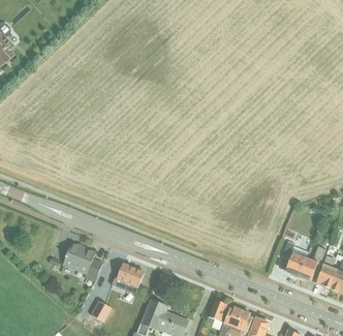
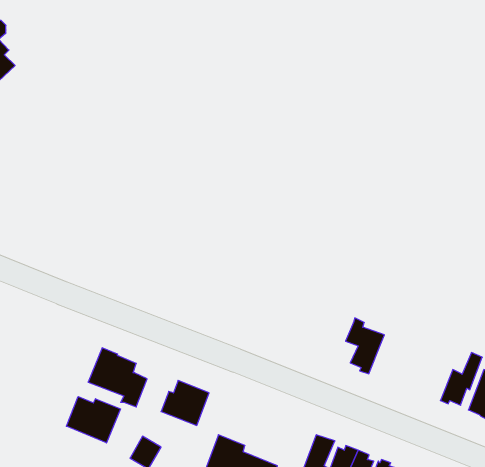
building: [282,240,308,277] -> [346,318,384,374]
building: none -> [66,397,120,443]

